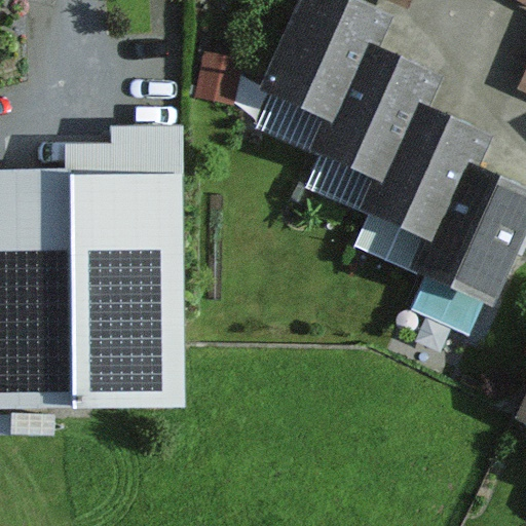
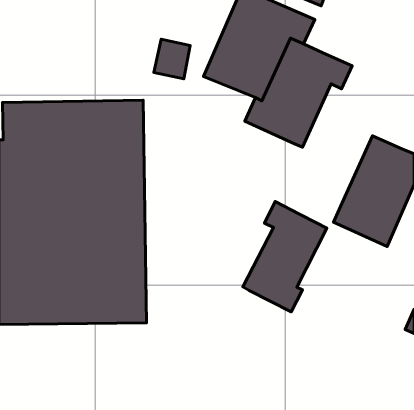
building: [358,106,496,249] -> none
building: none -> [243,201,327,312]

